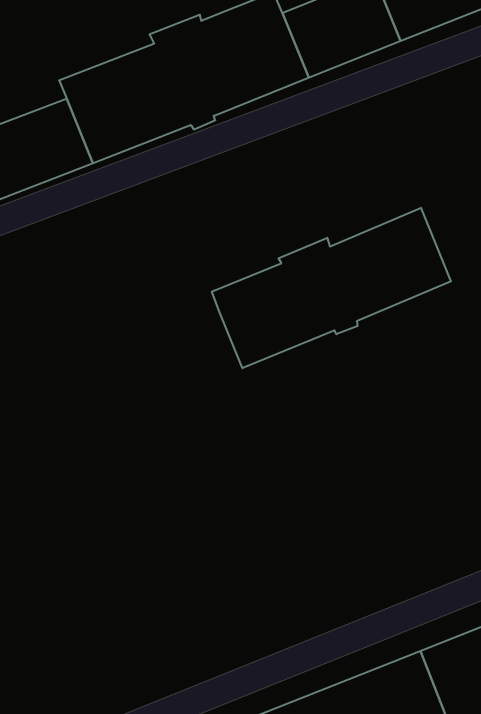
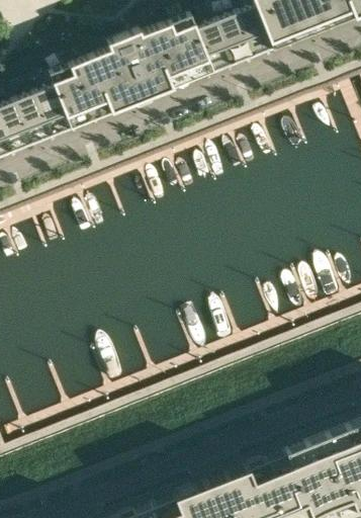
building: [212,208,451,368] -> none

